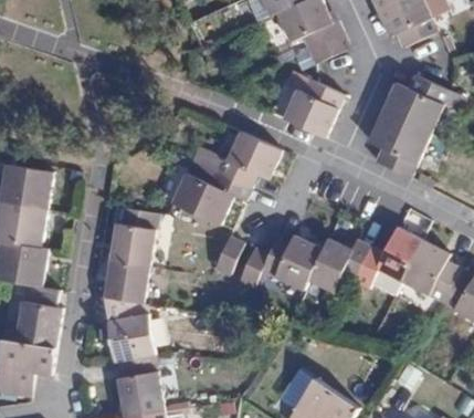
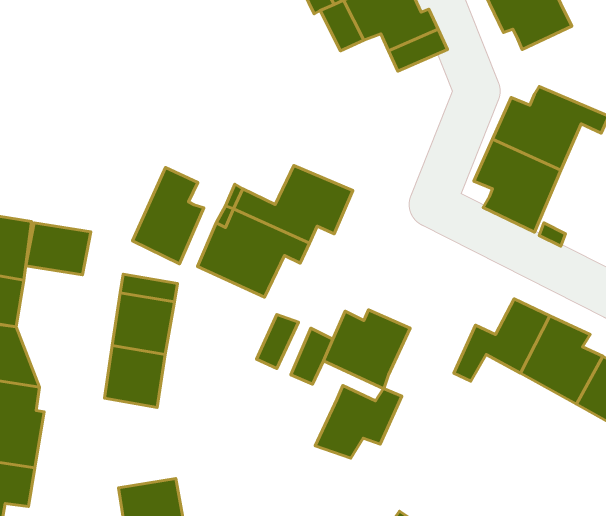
building: [282,72,344,138] -> none
building: none -> [132,167,204,264]
building: none -> [26,223,91,275]
building: [307,238,369,290] -> [315,385,402,458]
building: [105,297,156,362] -> none

